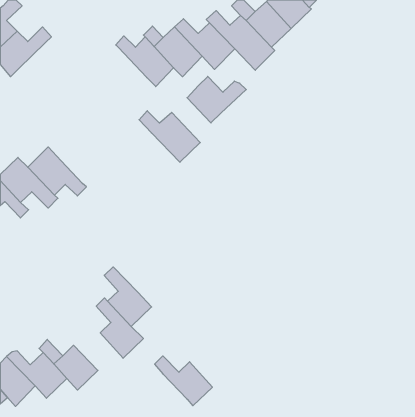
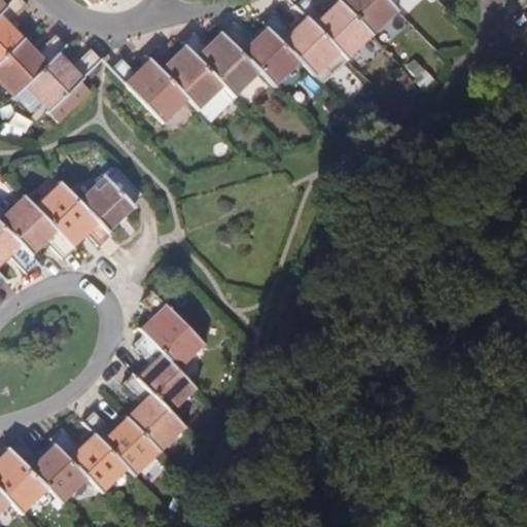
building: none -> [26,50,102,111]
building: [187,76,246,123] -> none
building: [139,111,200,162] -> [110,58,187,122]
building: none -> [79,168,142,232]
building: none -> [140,290,202,368]
building: [155,356,212,406] -> [84,413,157,476]

